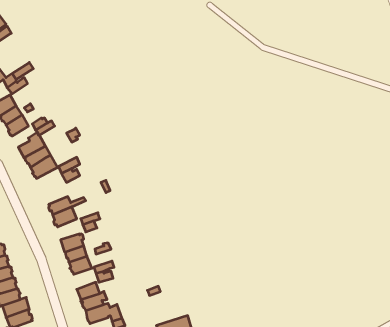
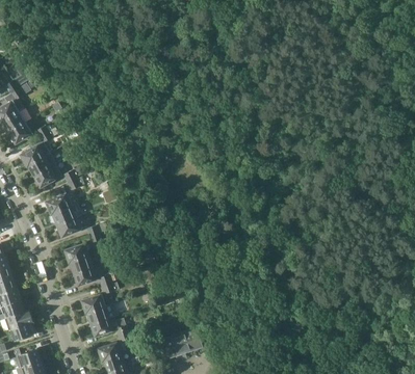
building: none -> [46,187,78,214]

